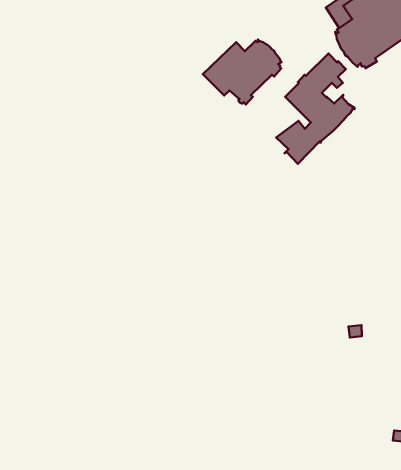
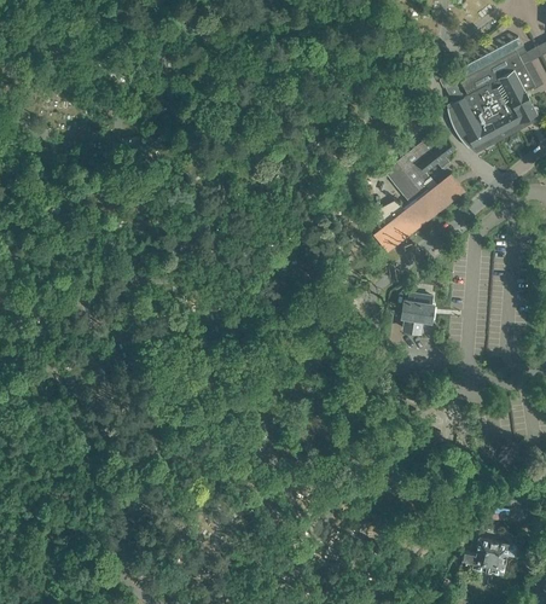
building: [203,40,281,105] -> none
building: none -> [403,295,434,332]

